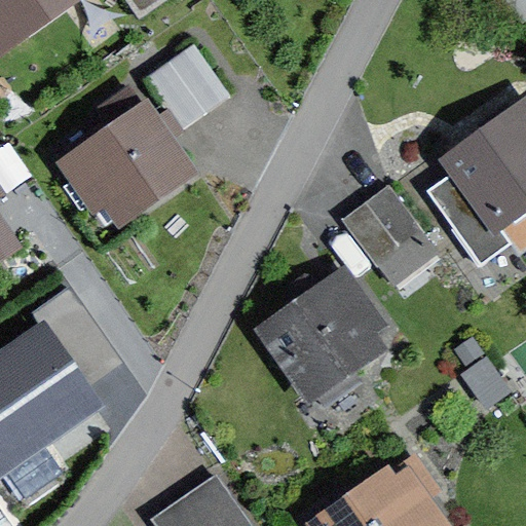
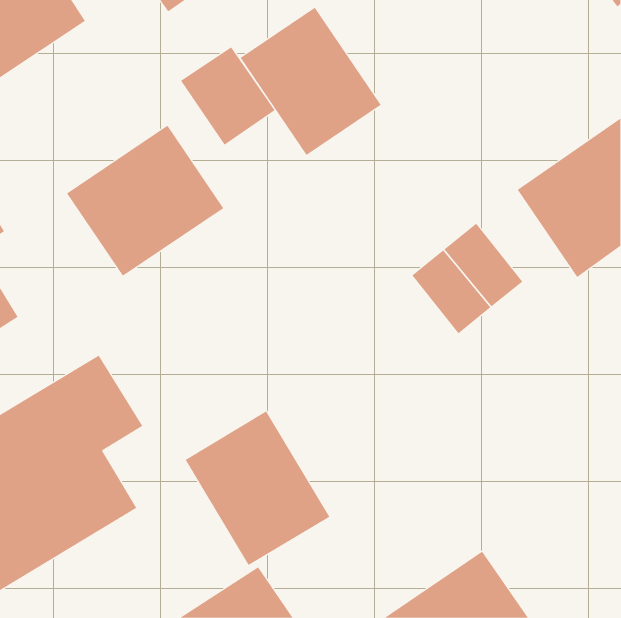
building: none -> [240,7,382,156]
building: [253,274,391,413] -> none
building: none -> [185,411,330,566]

